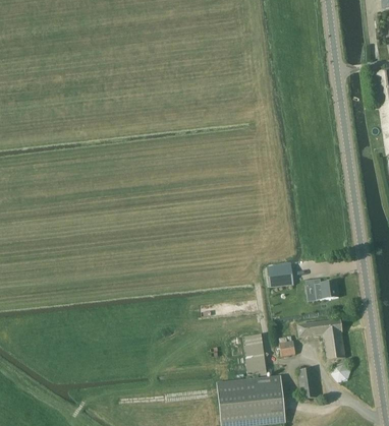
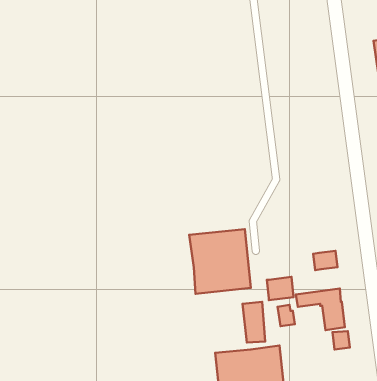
building: none -> [189,229,251,294]
building: [268,263,294,287] -> [267,277,293,300]
building: [298,368,318,399] -> none

